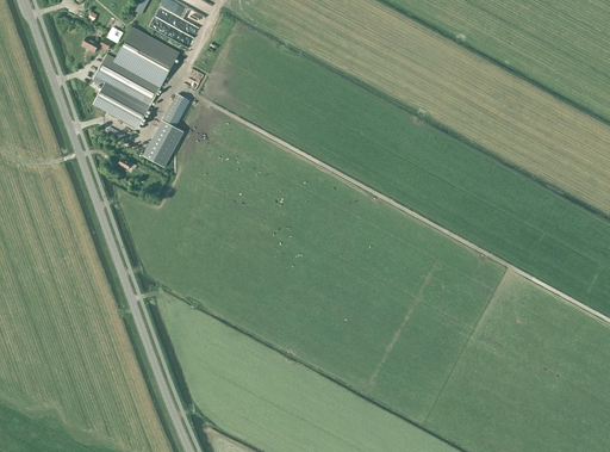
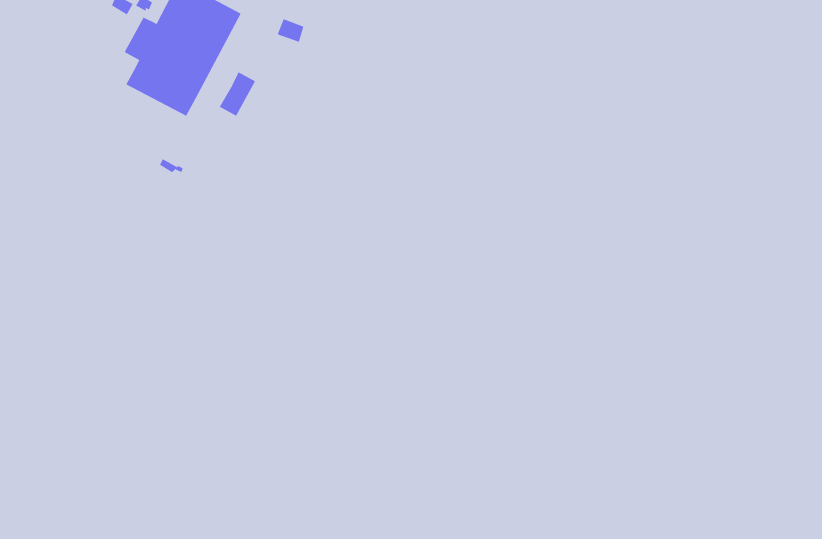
building: [143,120,183,167] -> none

